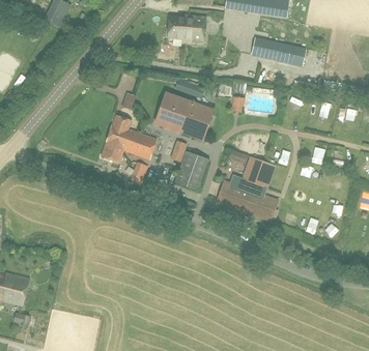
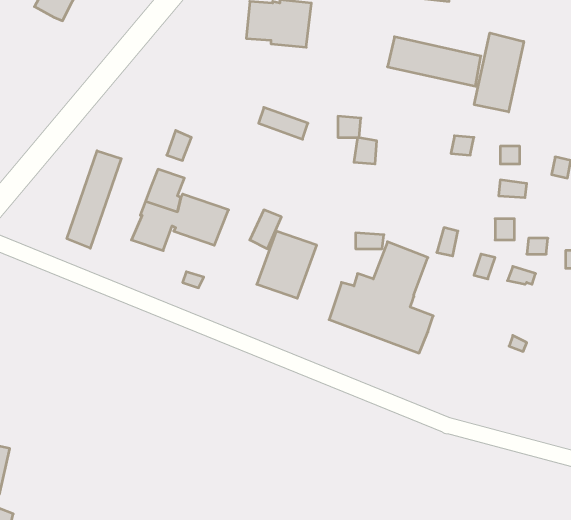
building: none -> [474,33,524,112]
building: [154,93,214,139] -> none
building: none -> [67,151,121,248]

